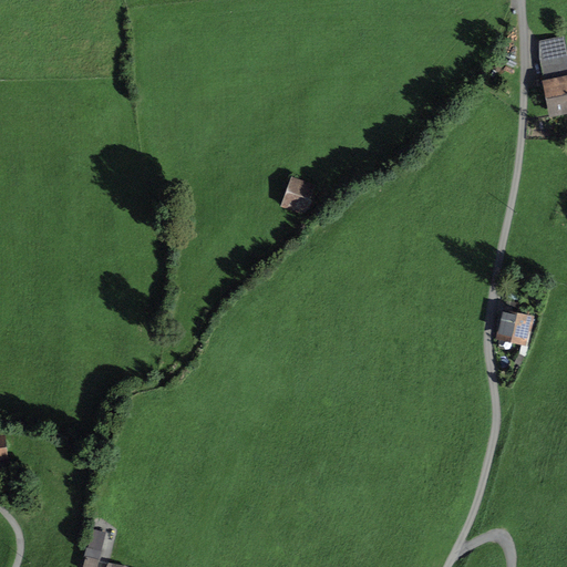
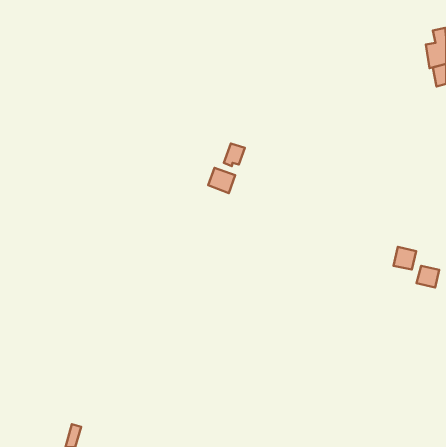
building: none -> [208,168,235,193]
building: none -> [416,266,439,287]

